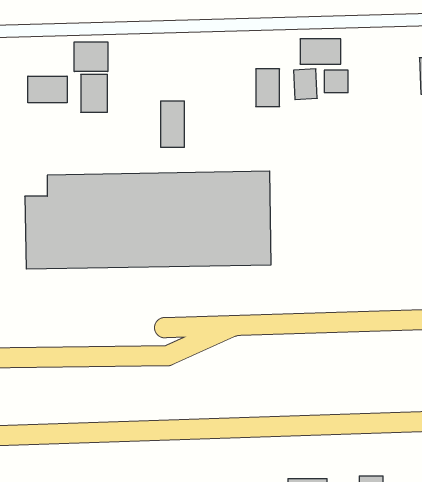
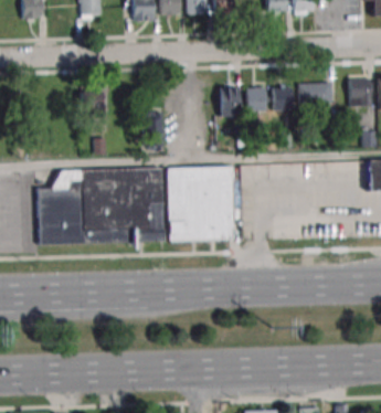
building: [300,39,341,64] -> [300,83,332,103]
building: [74,42,108,72] -> none
building: [28,76,67,103] -> none

